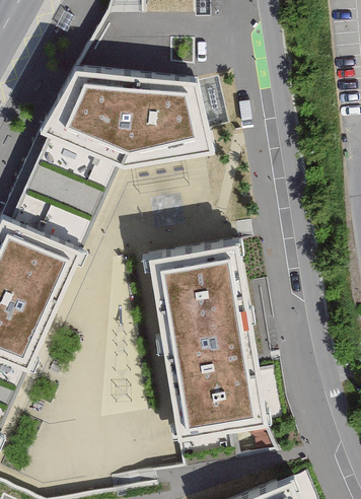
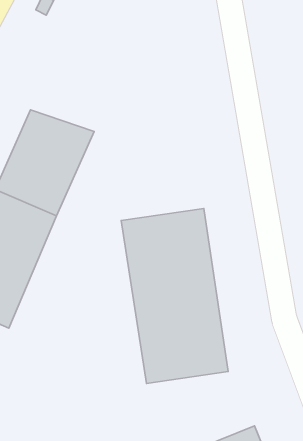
building: [38,70,210,163] -> none

